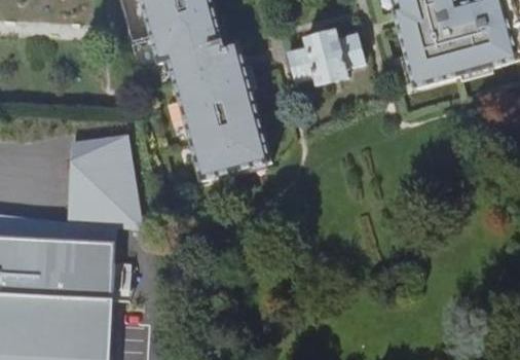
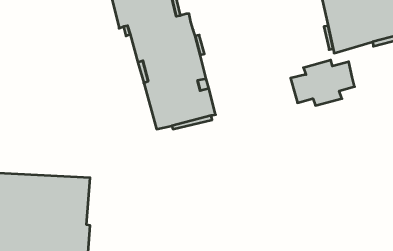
building: [286,29,363,83] -> [291,60,355,105]
building: [67,130,144,226] -> none

